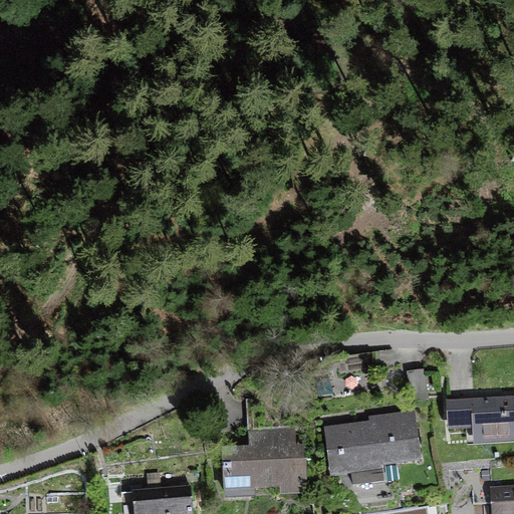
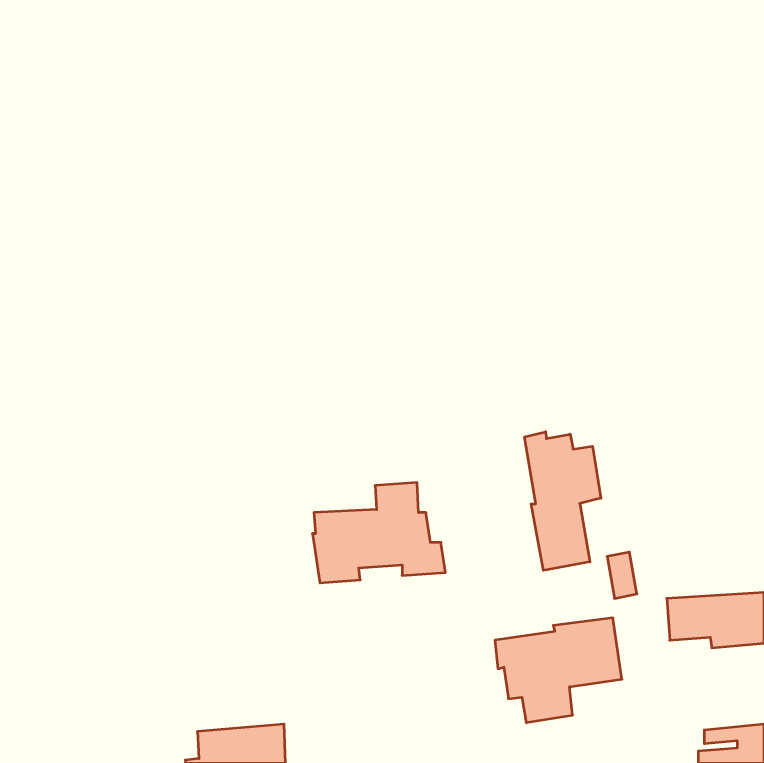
building: none -> [525,432,601,570]
building: [223,429,312,496] -> [312,483,445,583]

